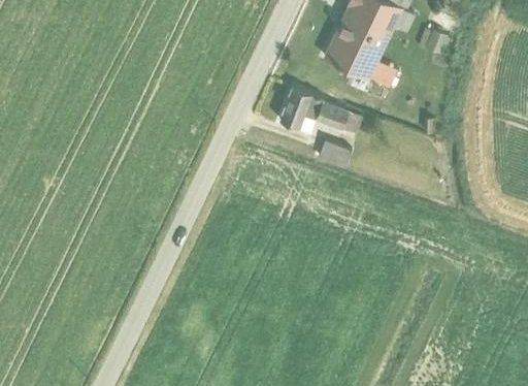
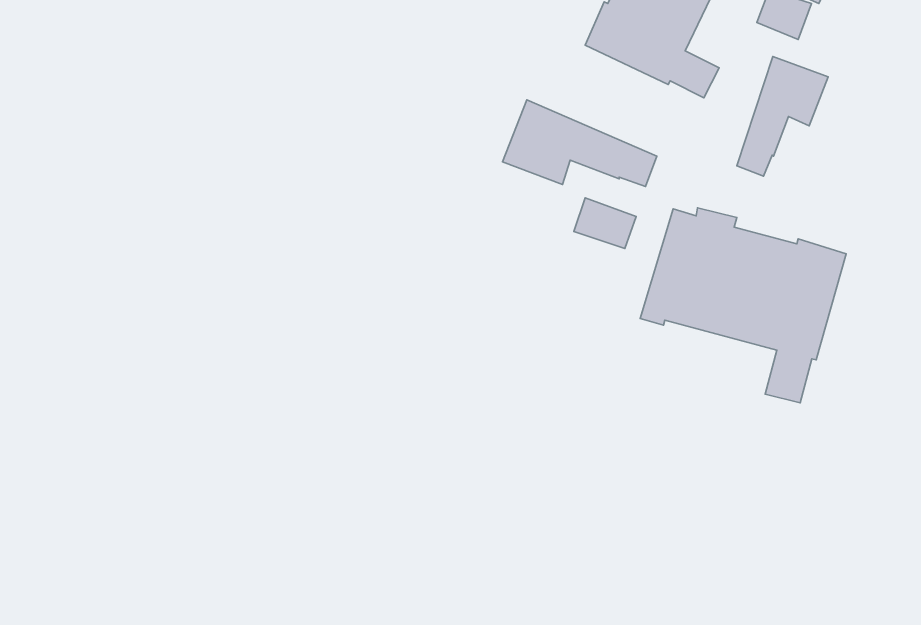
building: none -> [737,56,828,176]
building: none -> [640,208,846,403]

